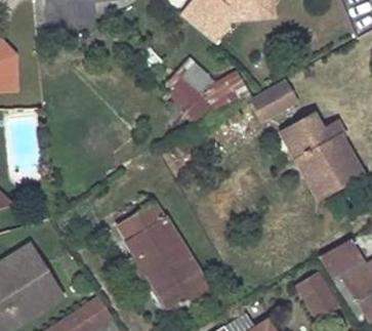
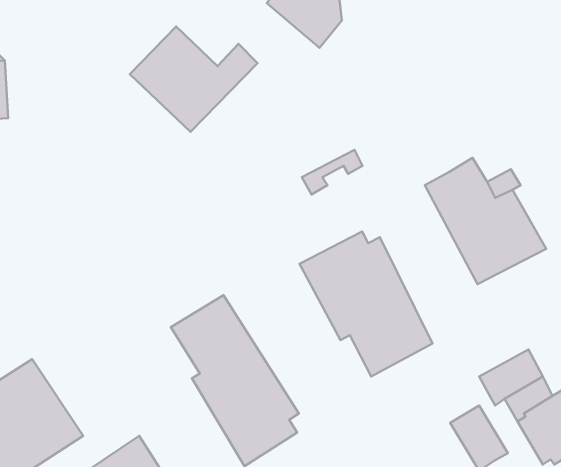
building: [162,58,244,126] -> [130,26,257,132]
building: [254,81,297,119] -> none
building: none -> [299,232,433,376]

